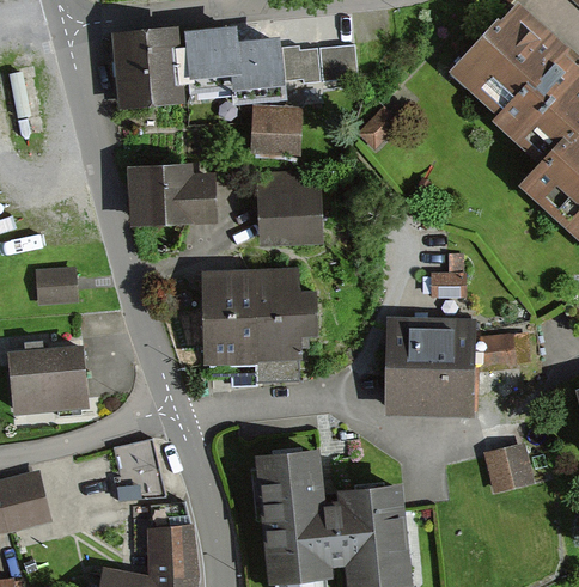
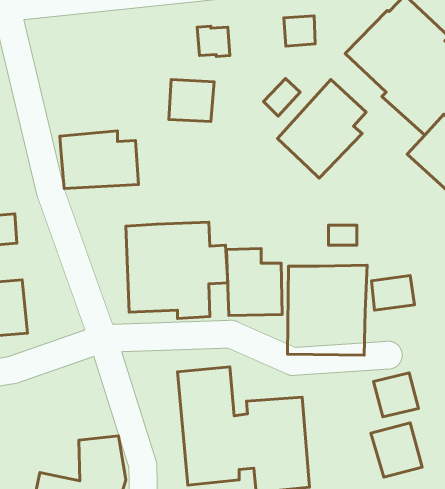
building: [184,31,281,98] -> none
building: [111,32,183,111] -> none
building: [321,45,356,80] -> [284,16,315,46]
building: none -> [277,79,366,178]
building: [260,171,323,247] -> [227,248,282,315]
building: [114,433,163,496] -> none
building: none -> [371,423,422,477]

